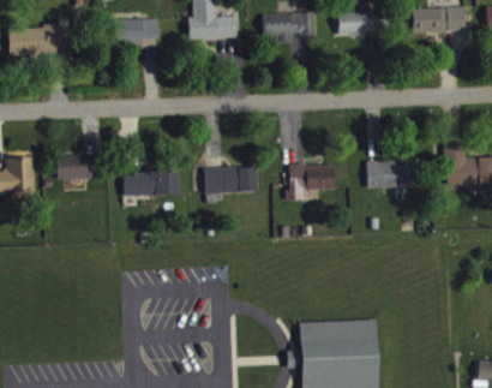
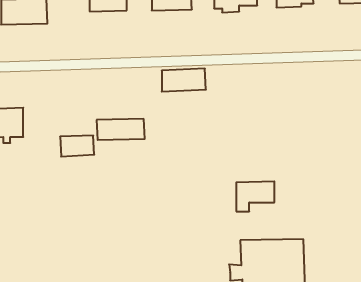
building: [58,155,98,180] -> [60,136,94,157]
building: [366,160,415,189] -> none
building: [289,165,335,201] -> [236,181,274,211]
building: [205,167,258,195] -> [162,69,206,92]

